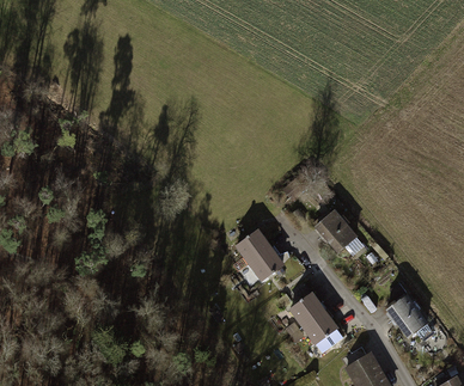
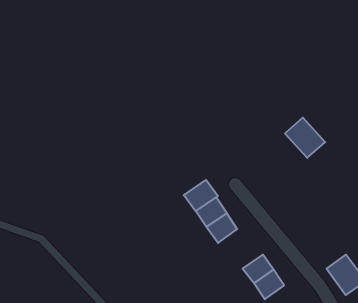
building: [312,208,358,253] -> [285,118,325,158]
building: none -> [184,180,218,211]

